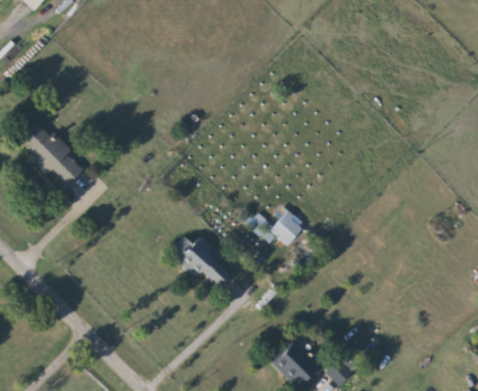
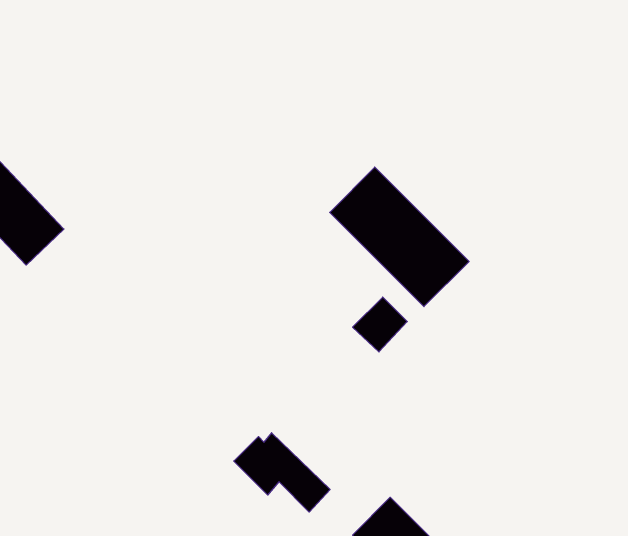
building: none -> [330,167,469,307]
building: [173,238,234,288] -> [234,433,330,512]

